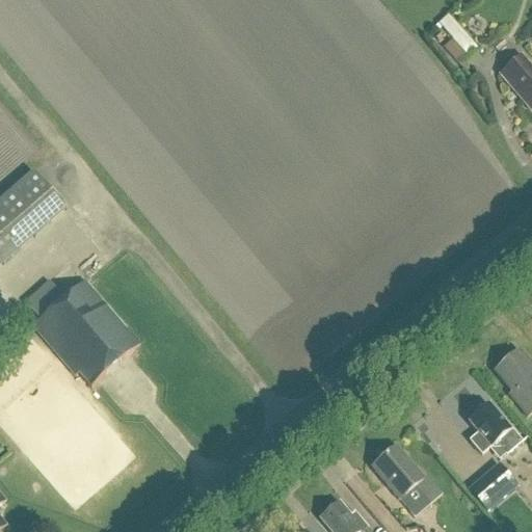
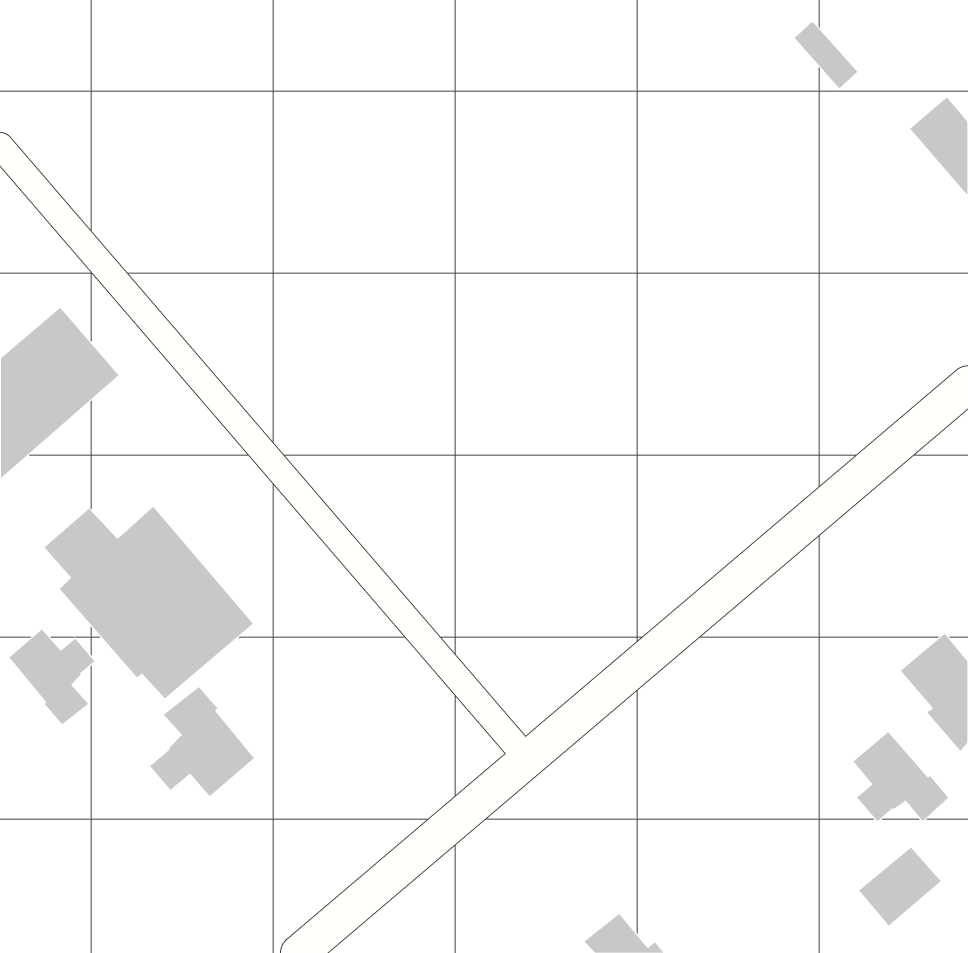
building: none -> [8,628,95,725]
building: none -> [149,686,255,797]
building: [371,444,442,502] -> none

